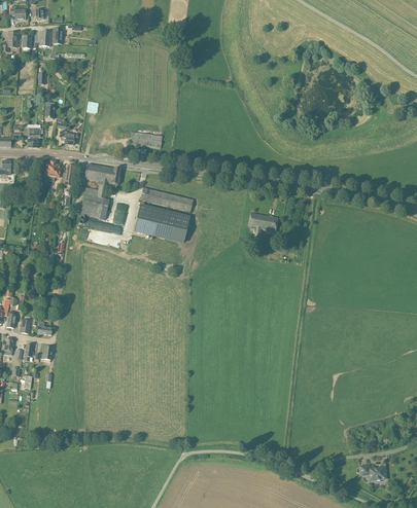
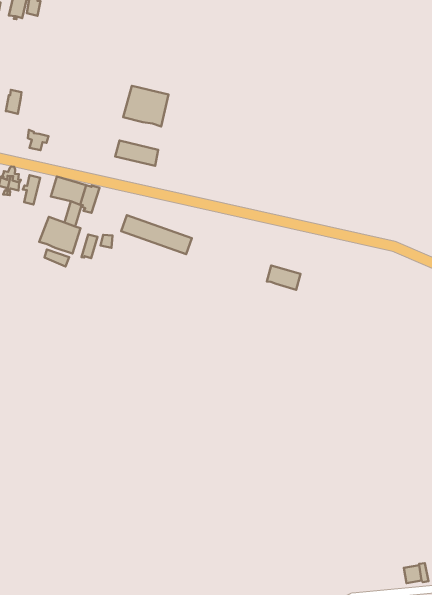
building: none -> [123,86,168,126]
building: [135,204,189,242] -> none

